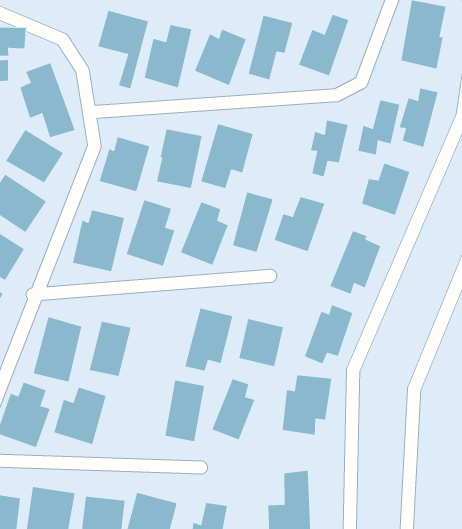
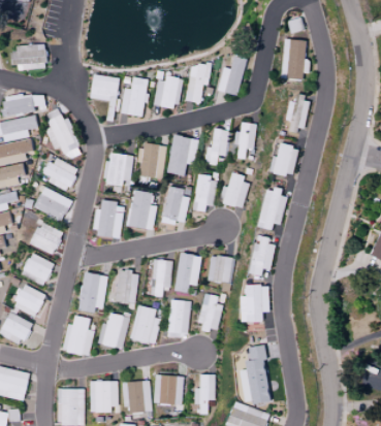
building: [357,100,400,155] -> [204,129,227,164]
building: none -> [151,260,171,296]
building: none -> [129,305,160,345]

